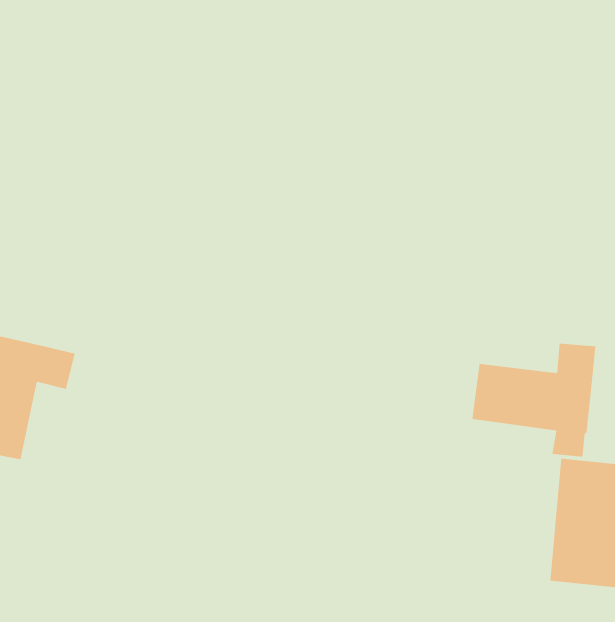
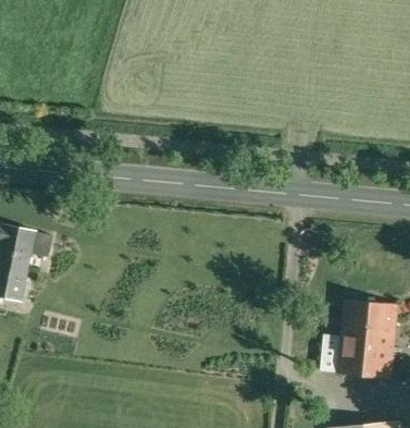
building: [472,343,596,457] -> none

